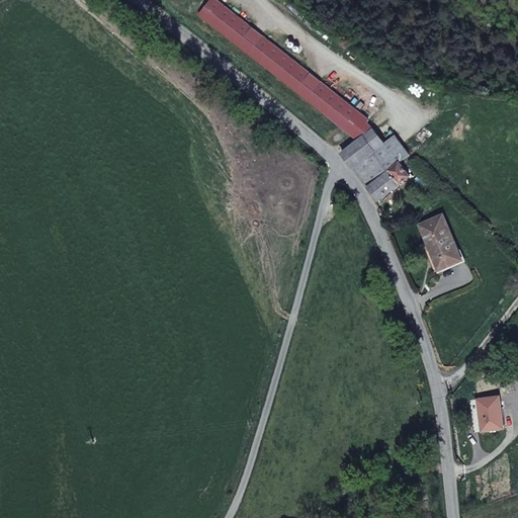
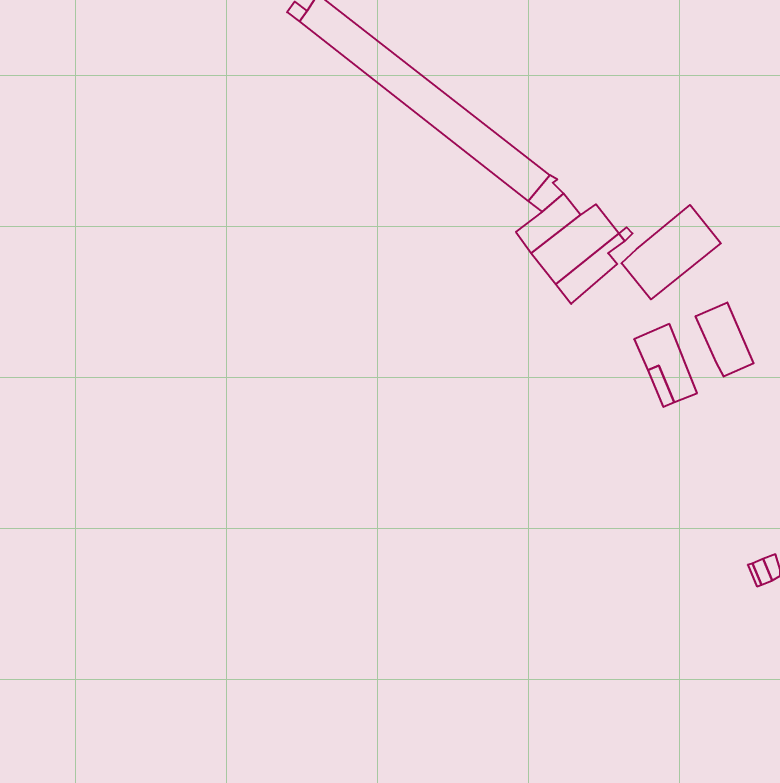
building: none -> [621,205,721,299]
building: none -> [696,302,754,377]
building: [476,395,501,430] -> none

